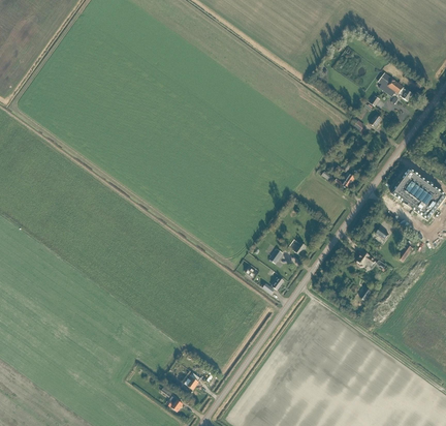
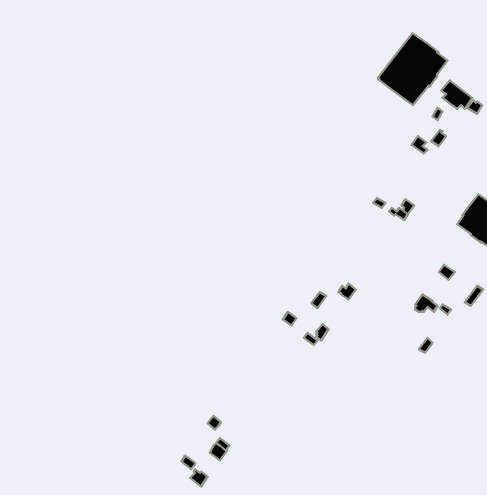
building: none -> [378,33,448,105]

